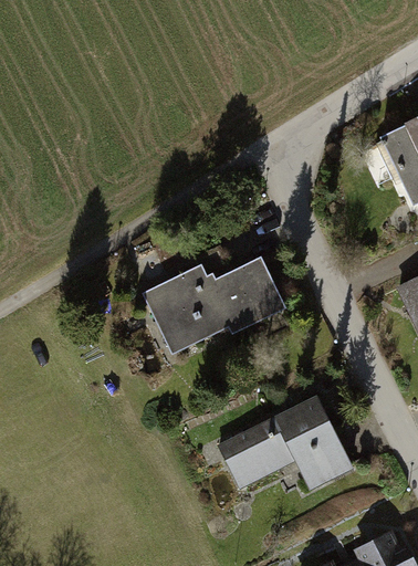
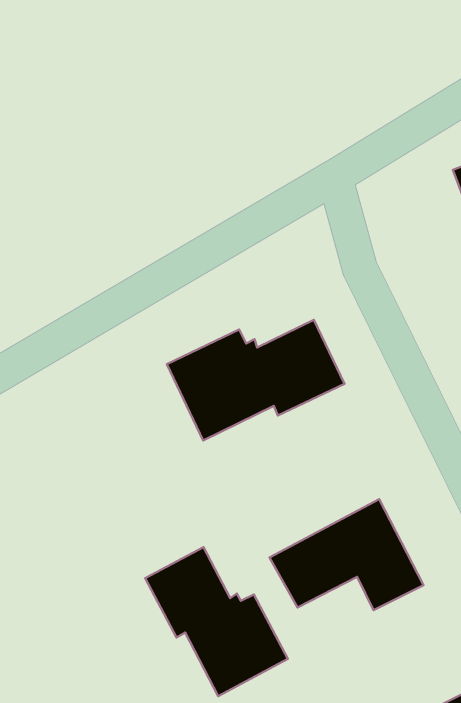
building: none -> [145,547,288,696]

